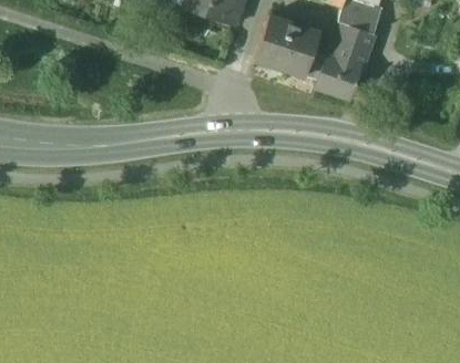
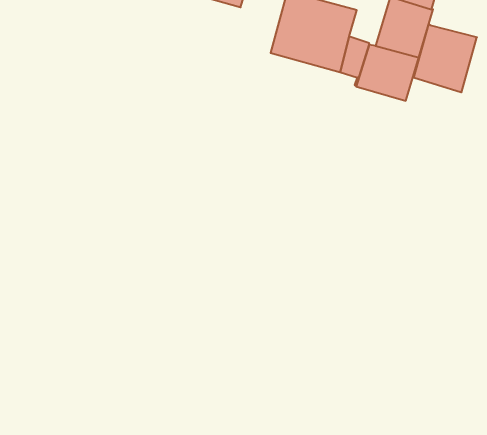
building: none -> [414,24,477,92]

